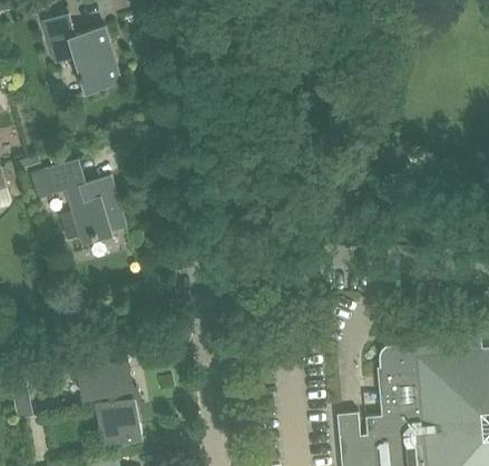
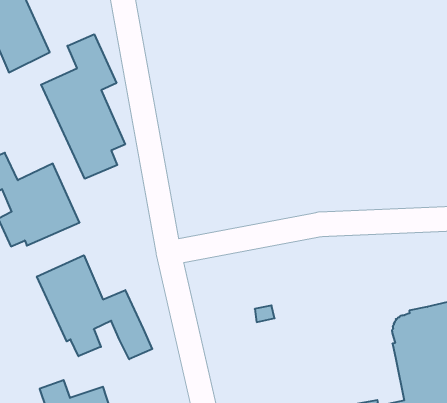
building: none -> [41,34,125,179]
building: none -> [37,255,152,359]

